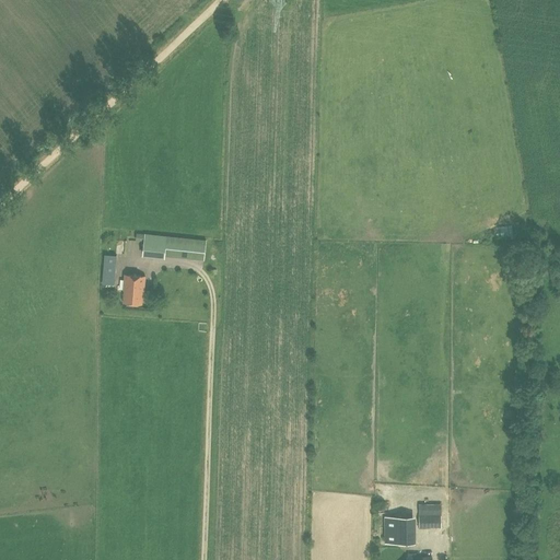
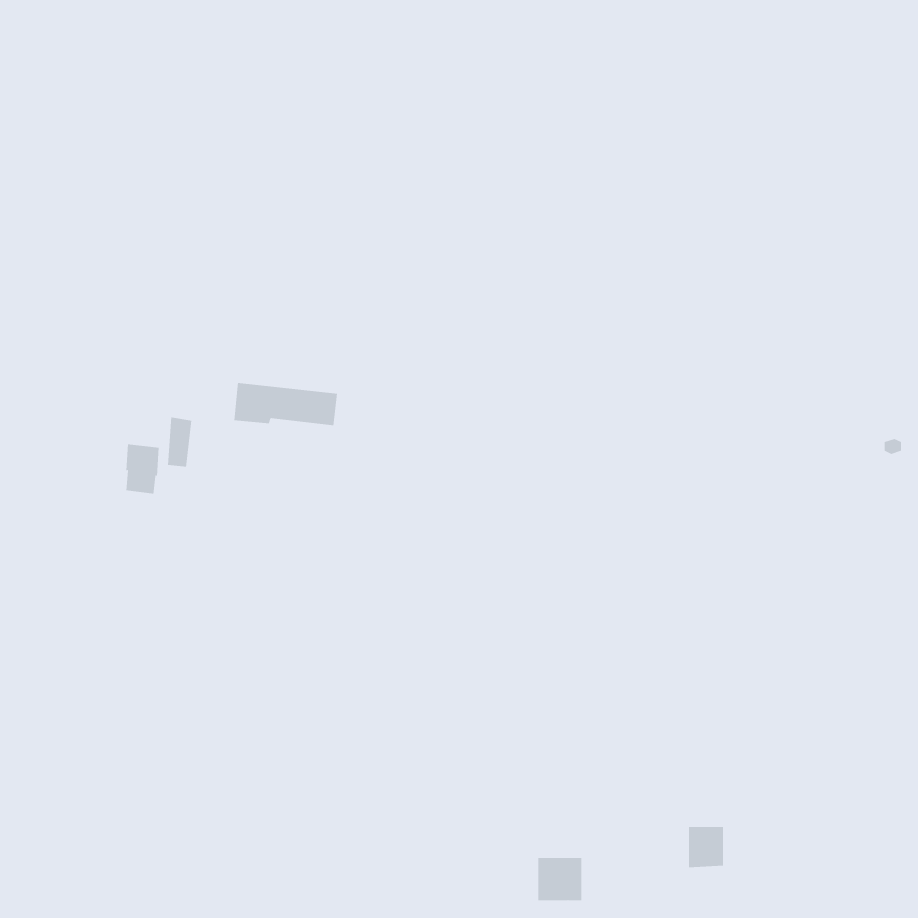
building: [124,273,144,304] -> [125,444,160,494]
building: [385,516,412,542] -> [537,858,582,901]

